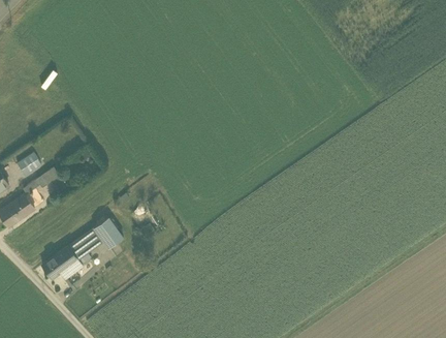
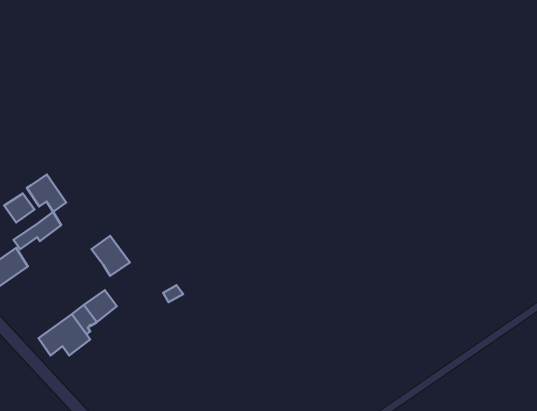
building: none -> [27,174,66,212]
building: [95,217,125,248] -> [91,236,130,276]

